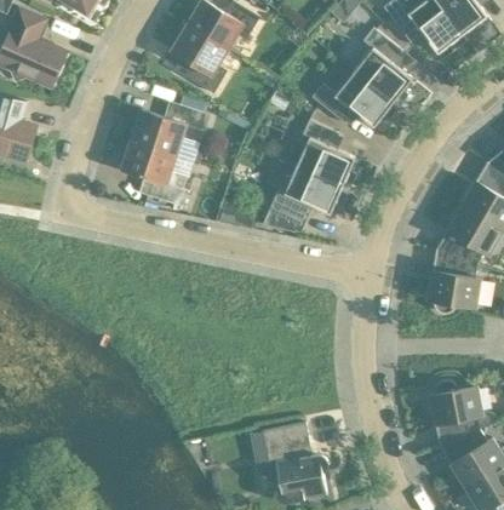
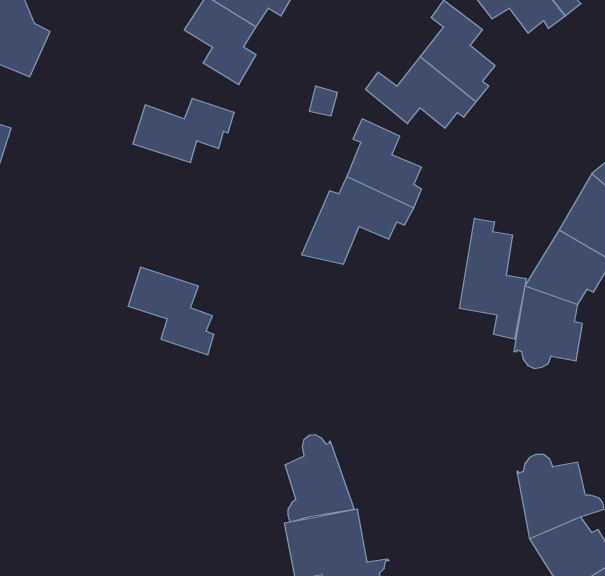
building: [122,139,189,207] -> [128,267,214,355]
building: none -> [460,218,526,339]
building: none -> [285,435,354,522]

